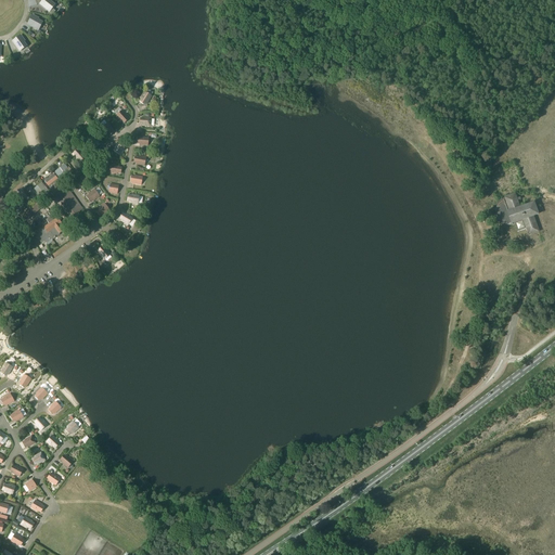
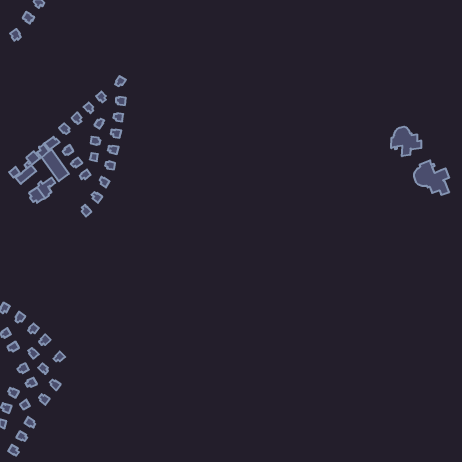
building: none -> [391,127,421,156]

